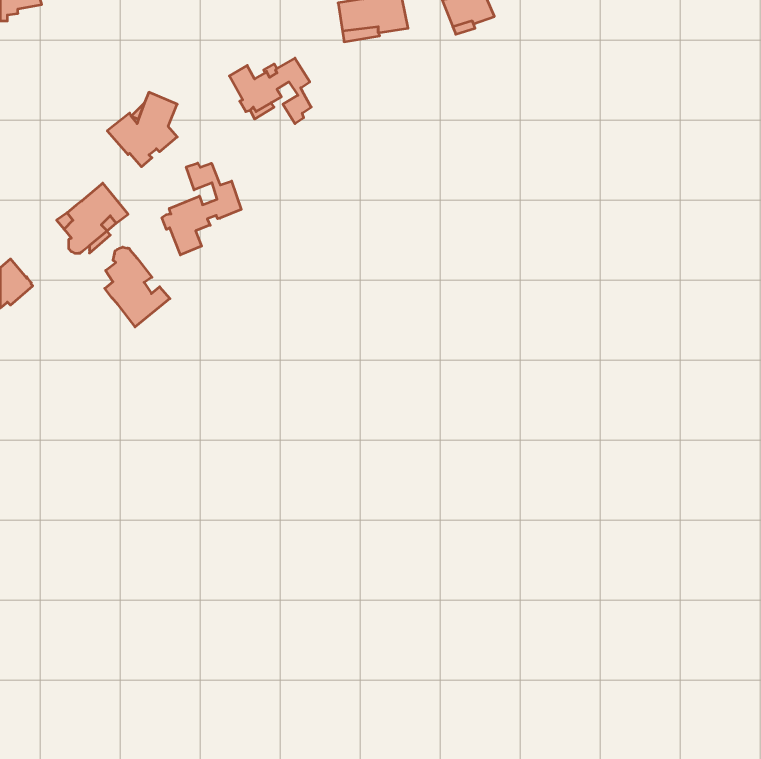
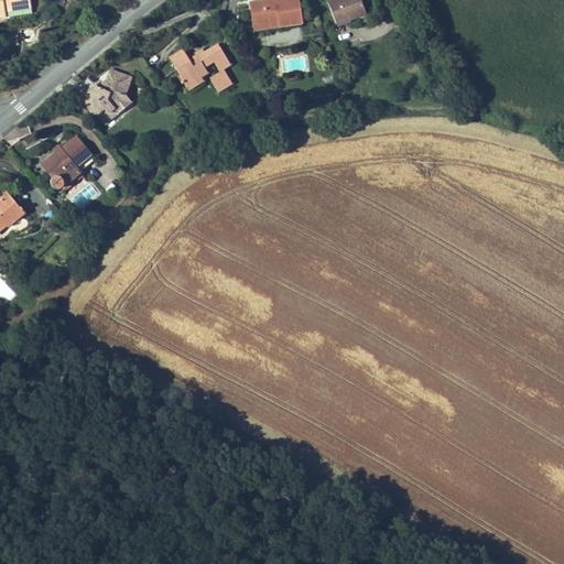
building: [162,163,241,255] -> none
building: [105,247,170,327] -> none

